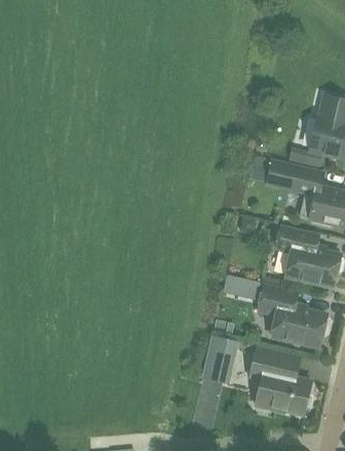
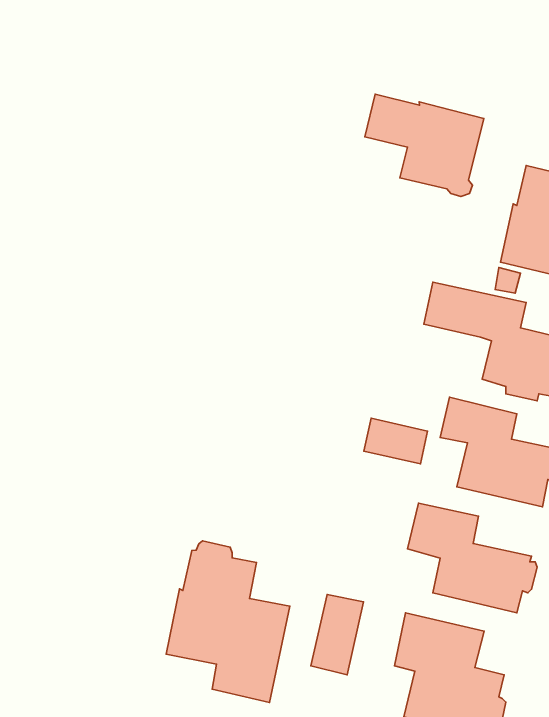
building: none -> [365,94,484,196]
building: [223,275,259,301] -> [364,418,428,464]
building: none -> [166,541,290,703]

